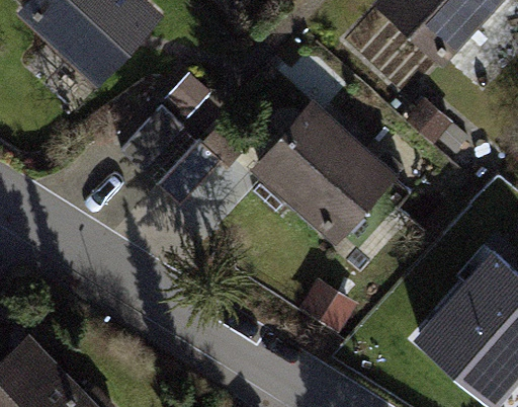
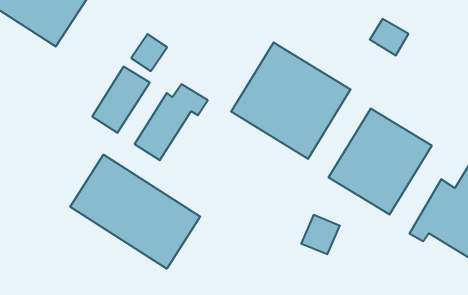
building: none -> [329,108,432,215]
building: none -> [70,155,200,269]

